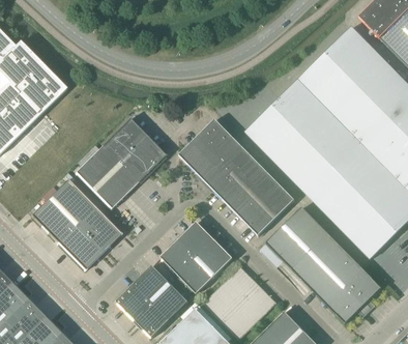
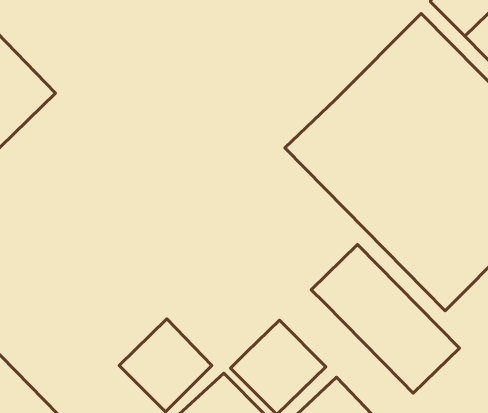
building: [75,119,165,209] -> none
building: [178,119,294,235] -> none
building: [31,179,120,269] -> none
building: [161,222,232,294] -> none

